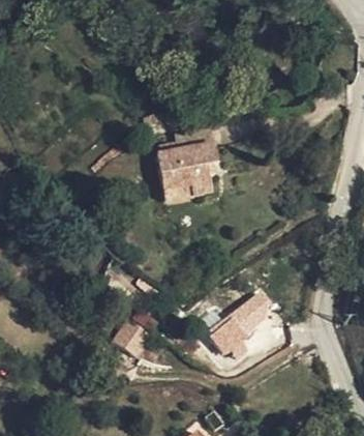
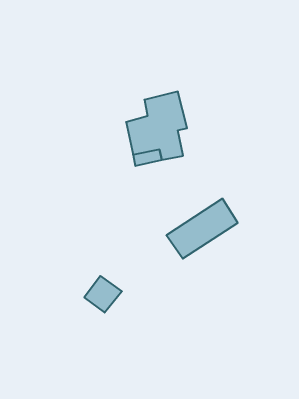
building: [212,294,284,355] -> [166,199,238,259]

